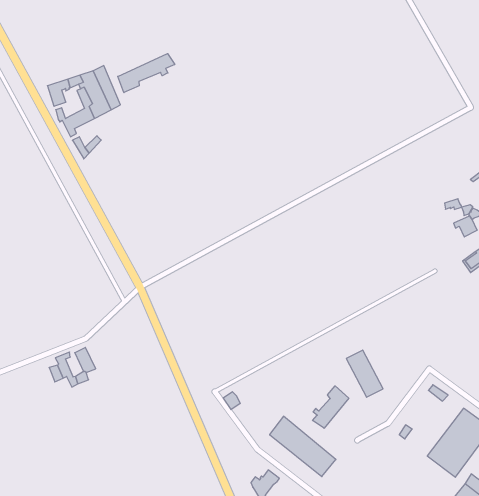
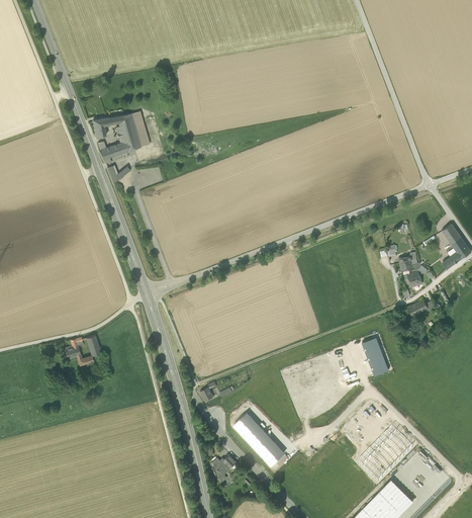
building: [118,54,175,93] -> none
building: [346,350,383,397] -> [362,337,388,375]
building: [313,386,349,428] -> none

